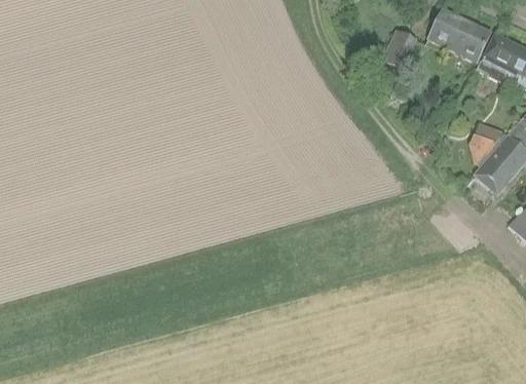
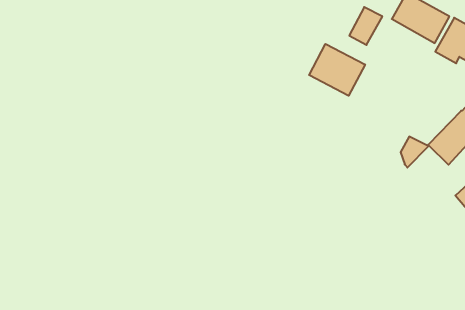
building: none -> [309,44,365,96]
building: [474,126,503,160] -> [401,137,428,168]

